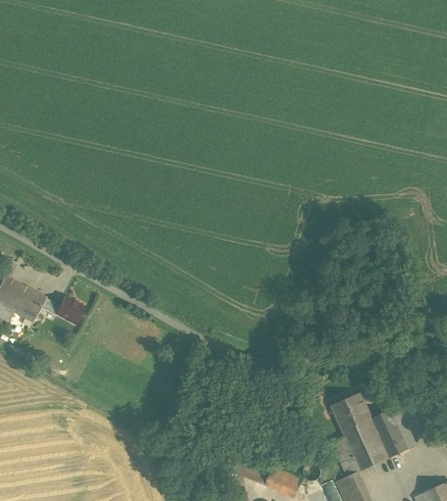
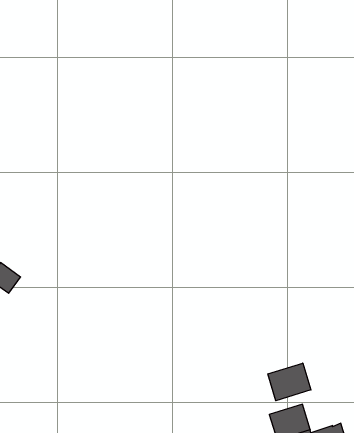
building: none -> [268,363,311,401]

